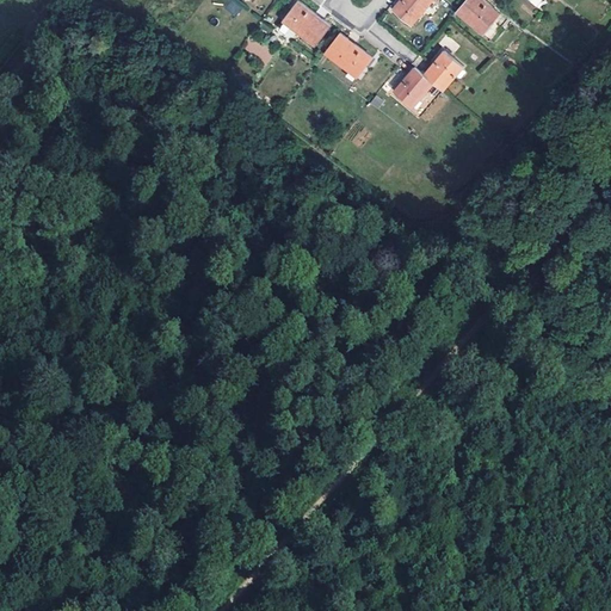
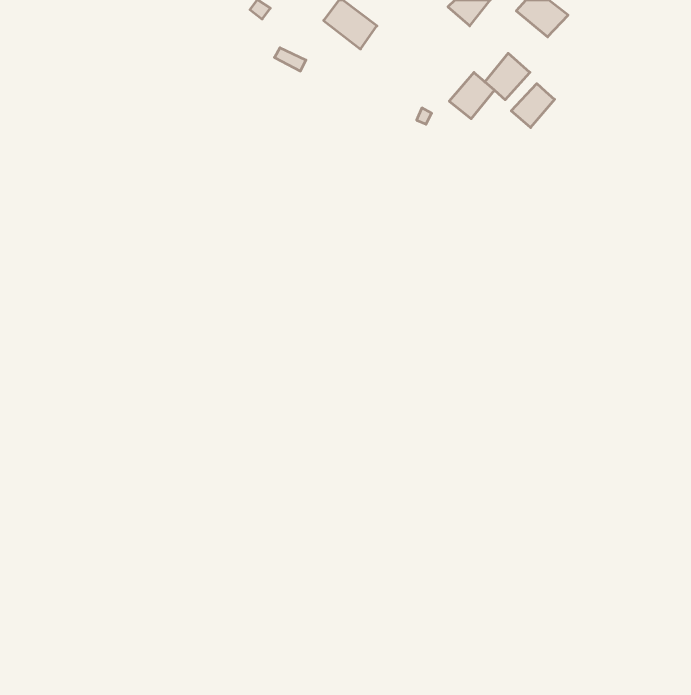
building: [325,32,372,78] -> none
building: none -> [511,84,555,128]

